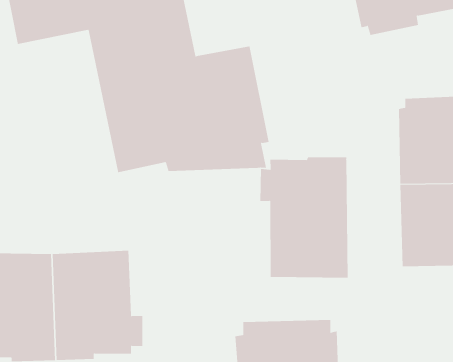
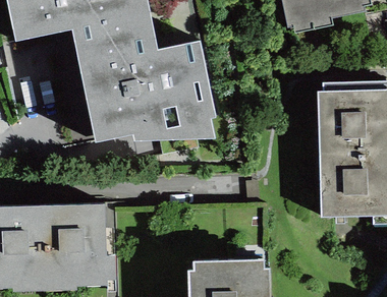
building: [260,156,348,278] -> none

